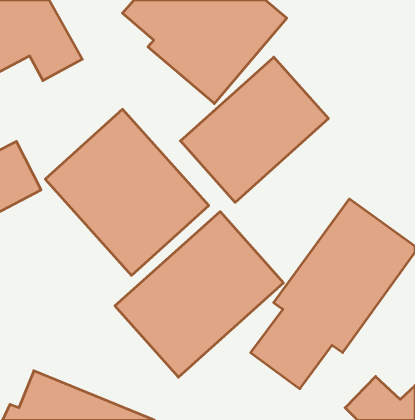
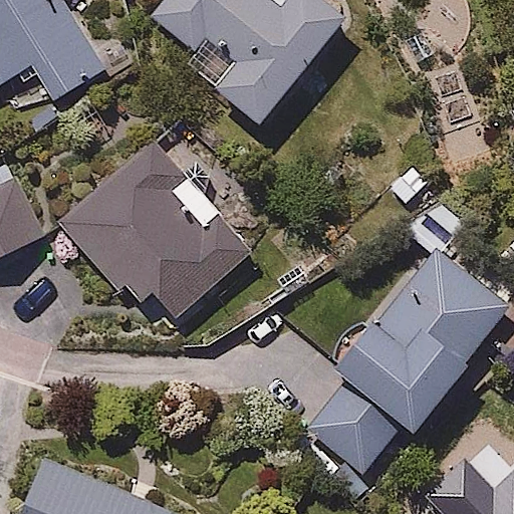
building: [180,57,328,202] -> none
building: [115,212,283,377] -> none

